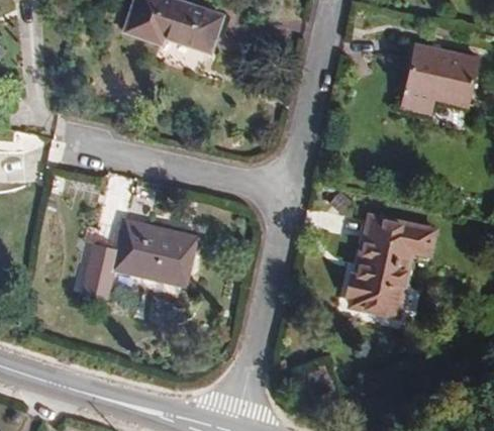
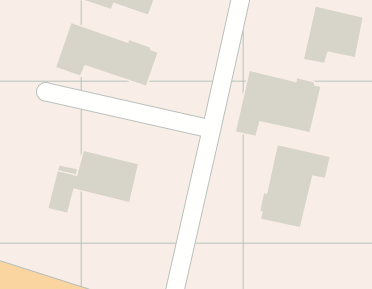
building: none -> [55,22,159,86]
building: none -> [235,70,321,137]

